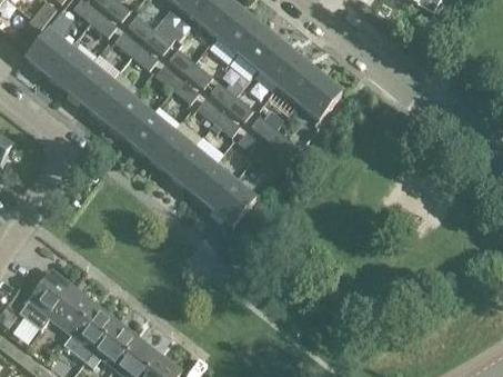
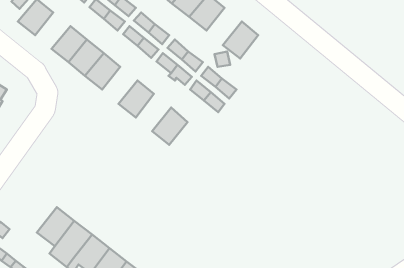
building: [256,41,300,87] -> none
building: [47,47,90,91] -> none
building: [298,75,341,120] -> none
building: [129,113,172,159] -> none
building: [170,147,213,192] -> none
building: [211,181,254,226] -> none
building: [19,269,73,329] -> none

